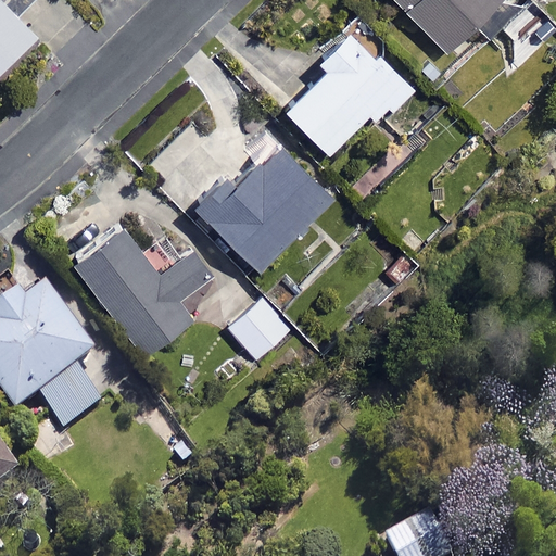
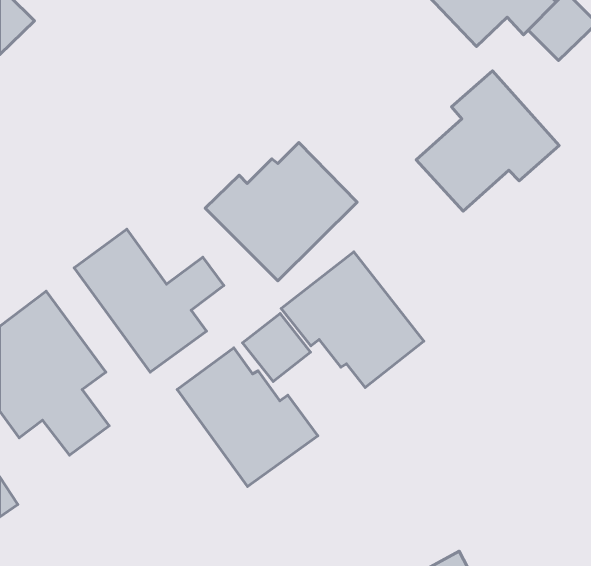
building: [282,23,415,153] -> [416,71,559,211]
building: none -> [281,252,424,388]
building: none -> [177,348,318,486]

